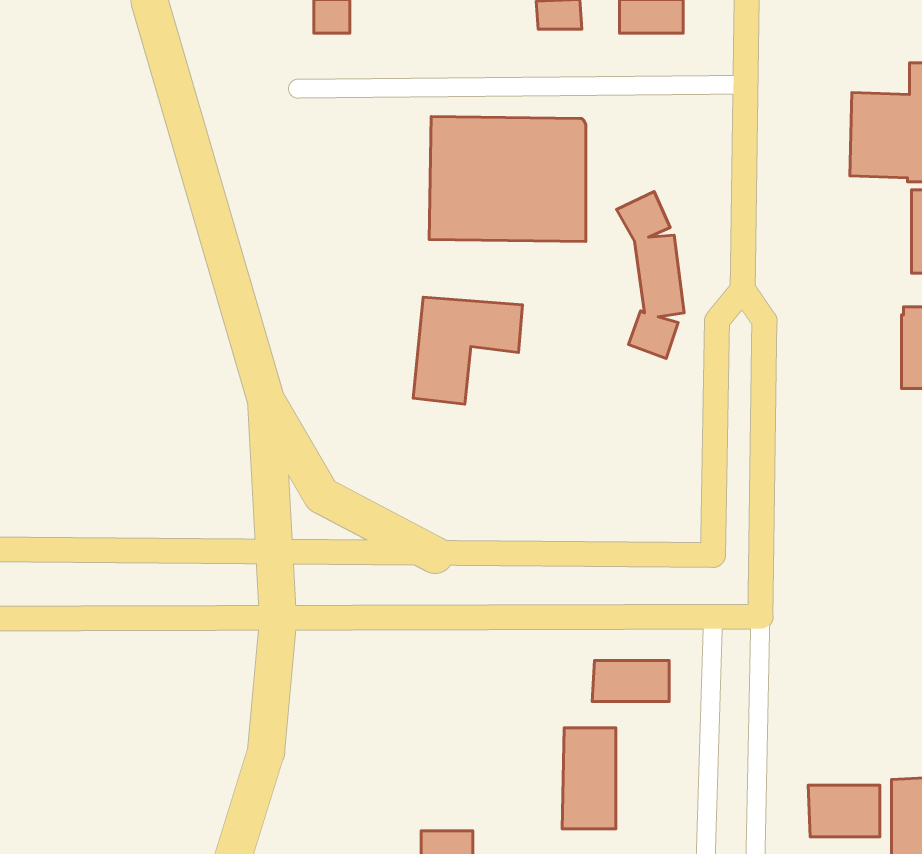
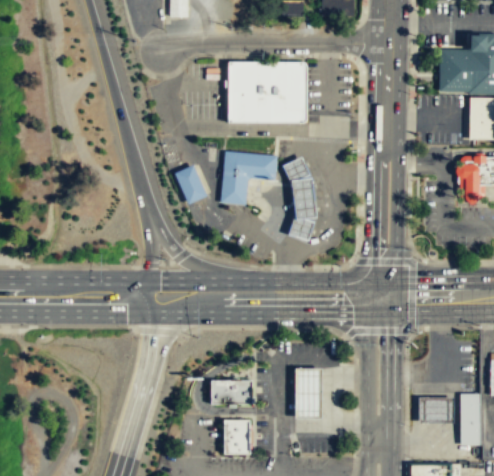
building: [617,192,684,358] -> [282,156,316,240]
building: none -> [173,164,206,204]
building: [592,661,669,701] -> none
building: none -> [210,380,252,404]

